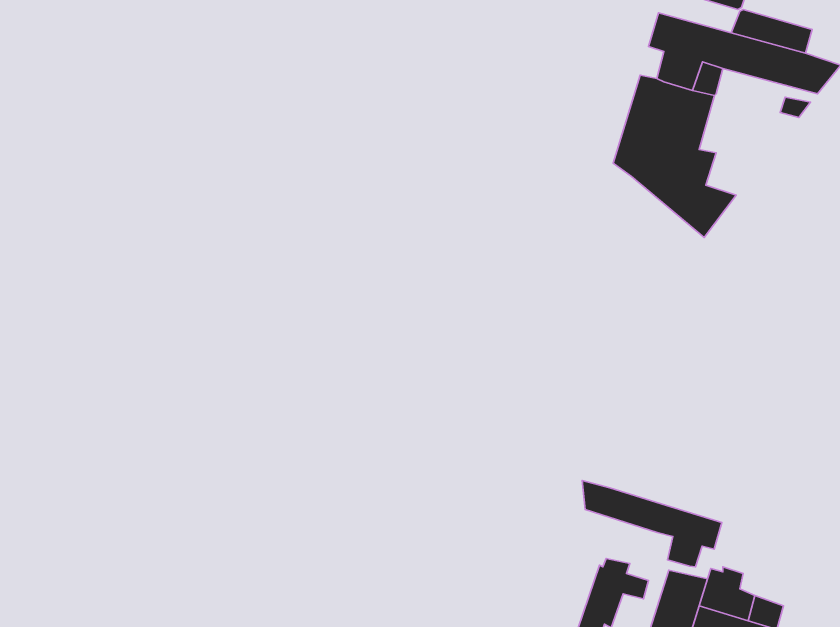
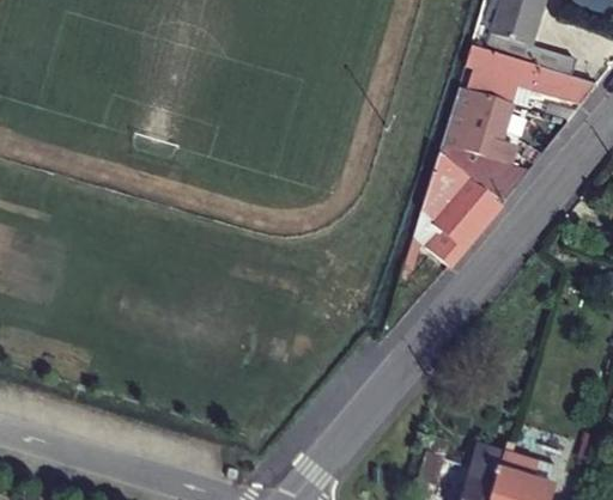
building: none -> [402,161,499,278]
building: [582,481,722,567] -> none

